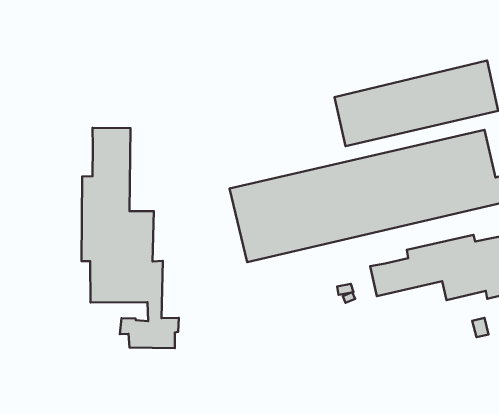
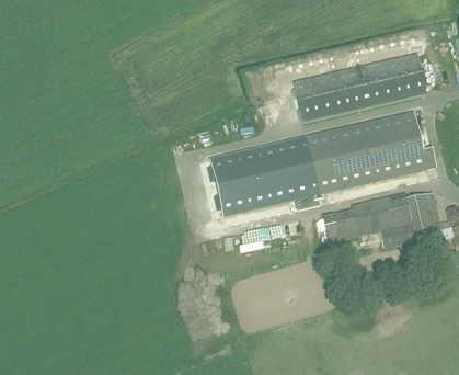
building: [81,128,179,348] -> none

